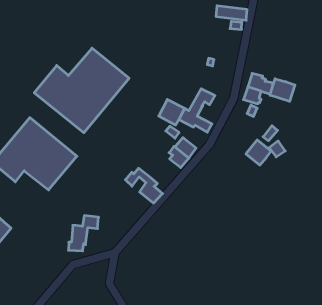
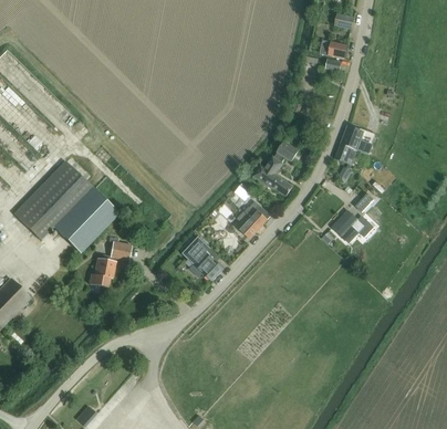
building: [34,48,129,133] -> none
building: [270,79,295,101] -> none
building: [159,99,184,125] -> none
building: [68,216,99,251] -> [90,242,131,286]

